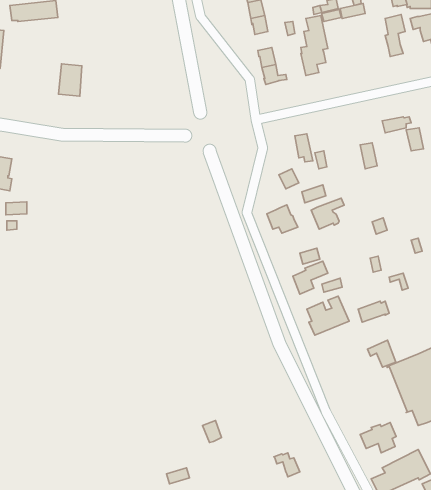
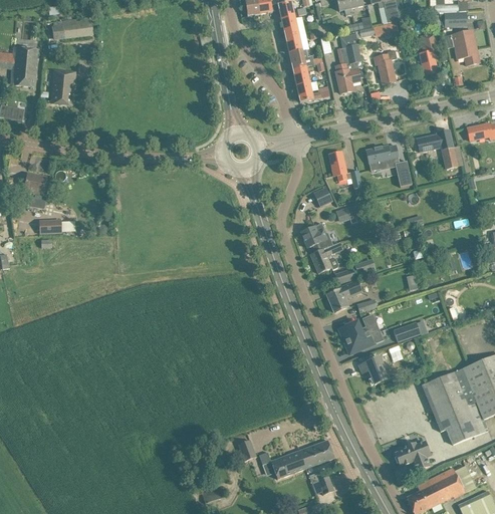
building: none -> [289,49,322,68]
building: none -> [374,50,397,83]
building: [59,64,82,96] -> [51,72,74,104]
building: none -> [365,145,399,171]
building: [311,198,344,229] -> [310,242,343,273]
building: [368,340,396,367] -> [359,356,388,383]
building: none -> [272,440,334,479]

